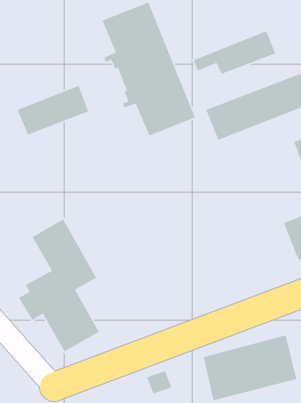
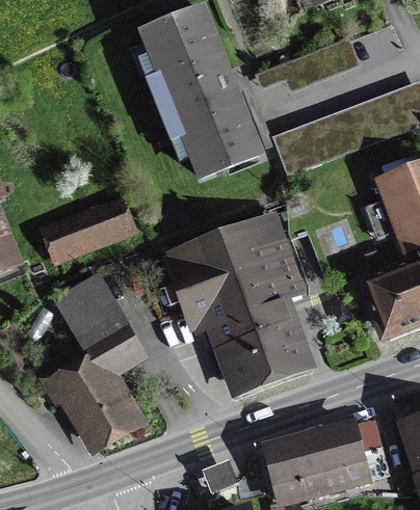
building: [17,85,89,136] -> [45,196,134,259]
building: none -> [175,219,304,383]

